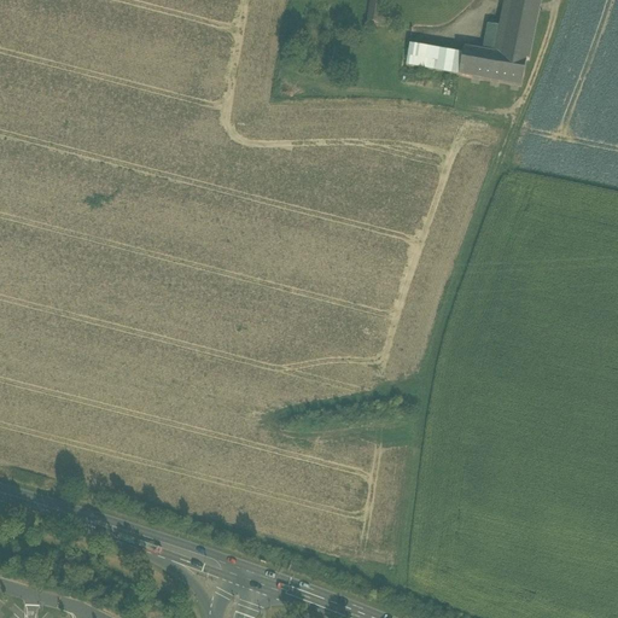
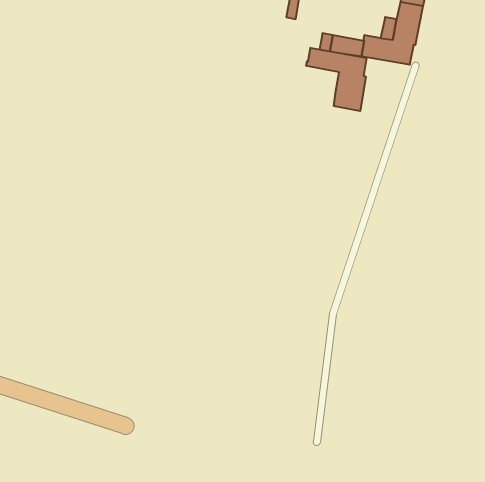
building: none -> [306,48,367,111]

